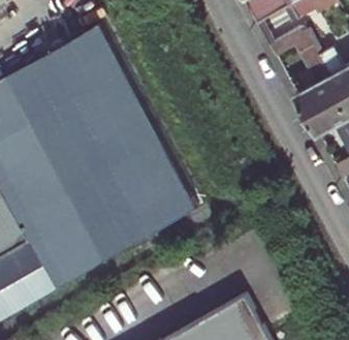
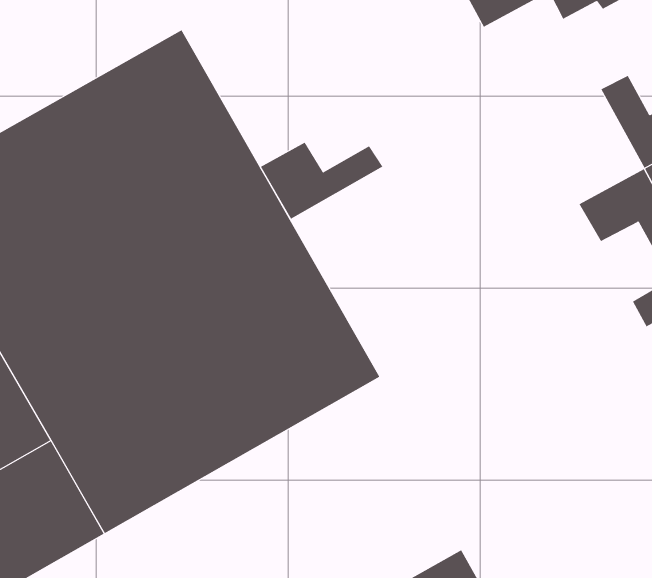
building: [267,29,339,116] -> none
building: none -> [260,142,383,220]

